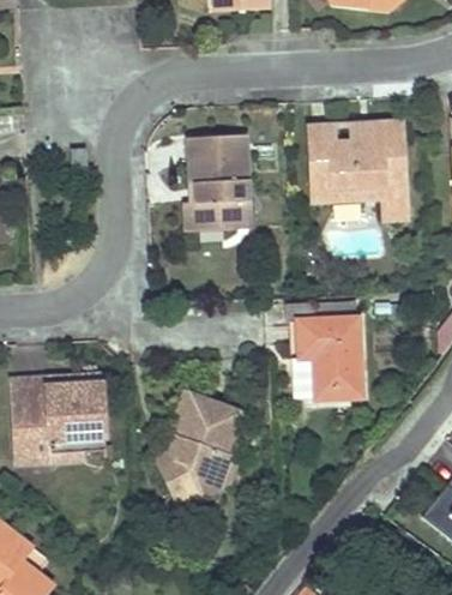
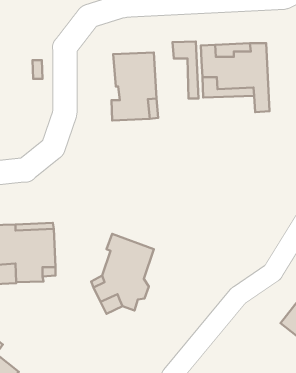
building: none -> [173,42,198,99]
building: [299,317,361,397] -> none

